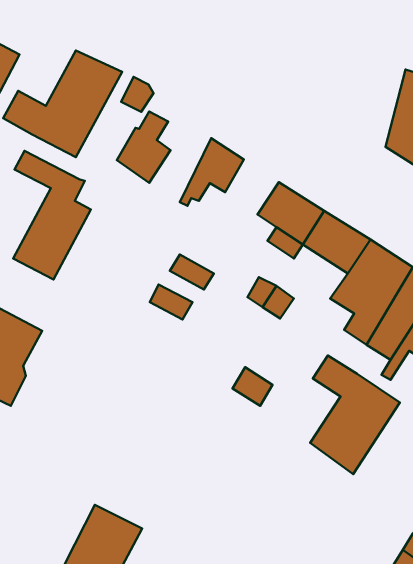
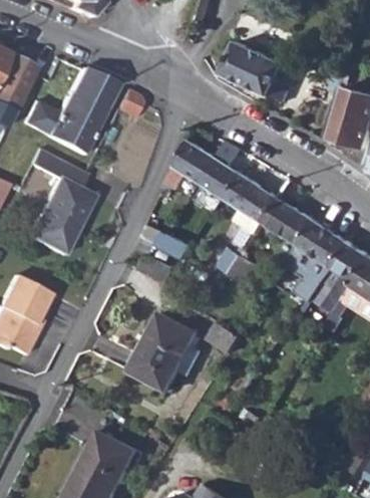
building: none -> [224,44,299,102]
building: [117,111,171,183] -> [200,143,243,200]
building: [310,355,400,474] -> none
building: none -> [128,314,195,392]

